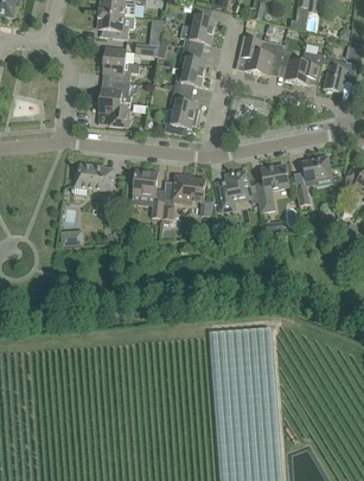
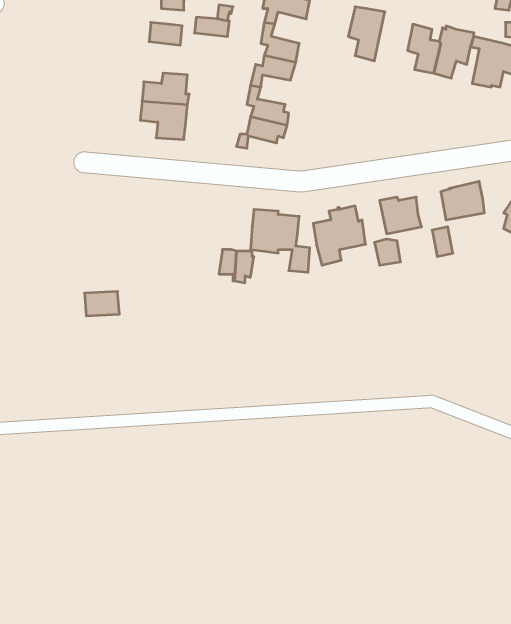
building: [256,39,283,75] -> none
building: [102,59,139,82] -> none
building: [74,162,114,190] -> none
building: [132,168,157,195] -> none

